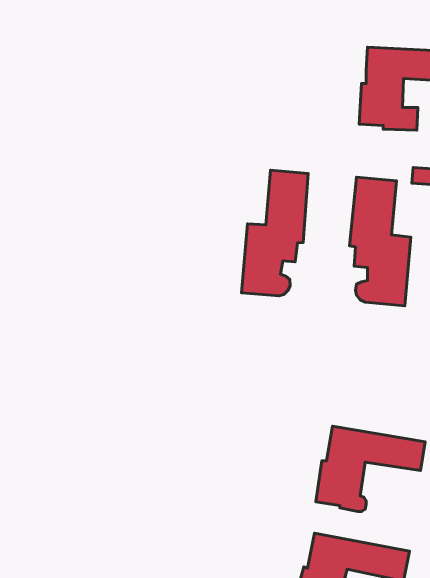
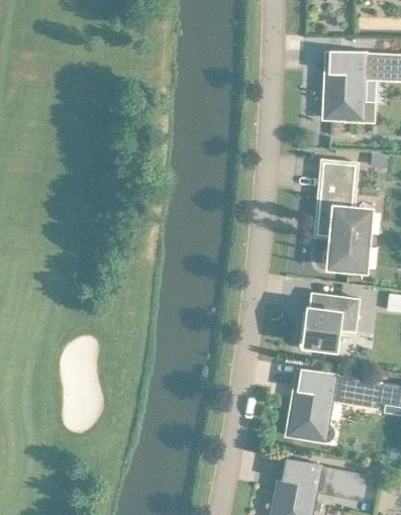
building: [242,170,308,296] -> none
building: none -> [299,295,357,349]

